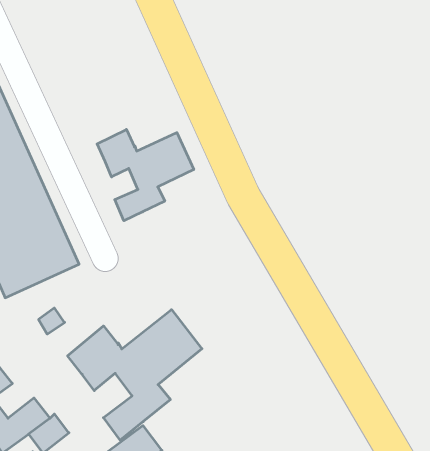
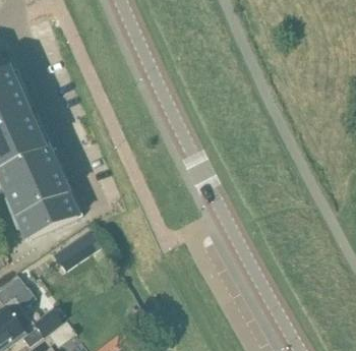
building: [97,129,194,221] -> none
building: [68,310,202,440] -> none

